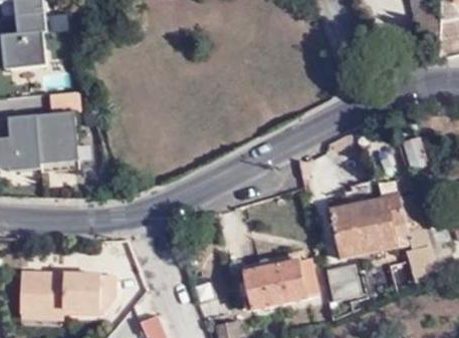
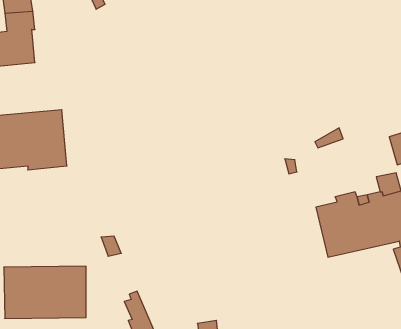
building: [243,258,318,311] -> none
building: [326,262,364,299] -> none

